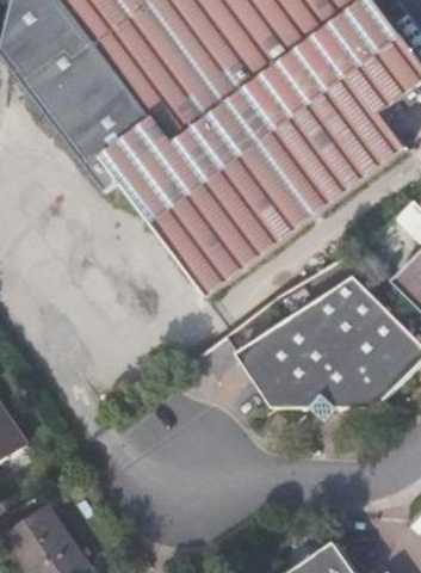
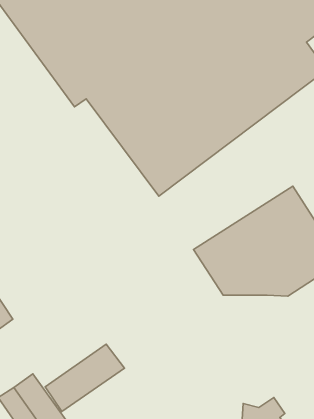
building: none -> [45,344,125,412]

